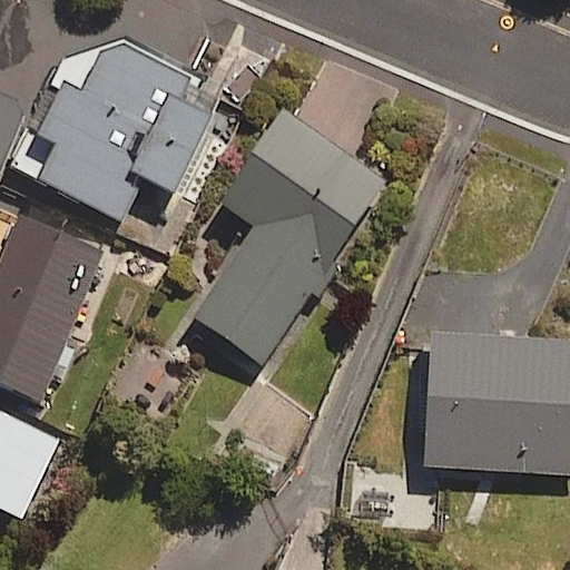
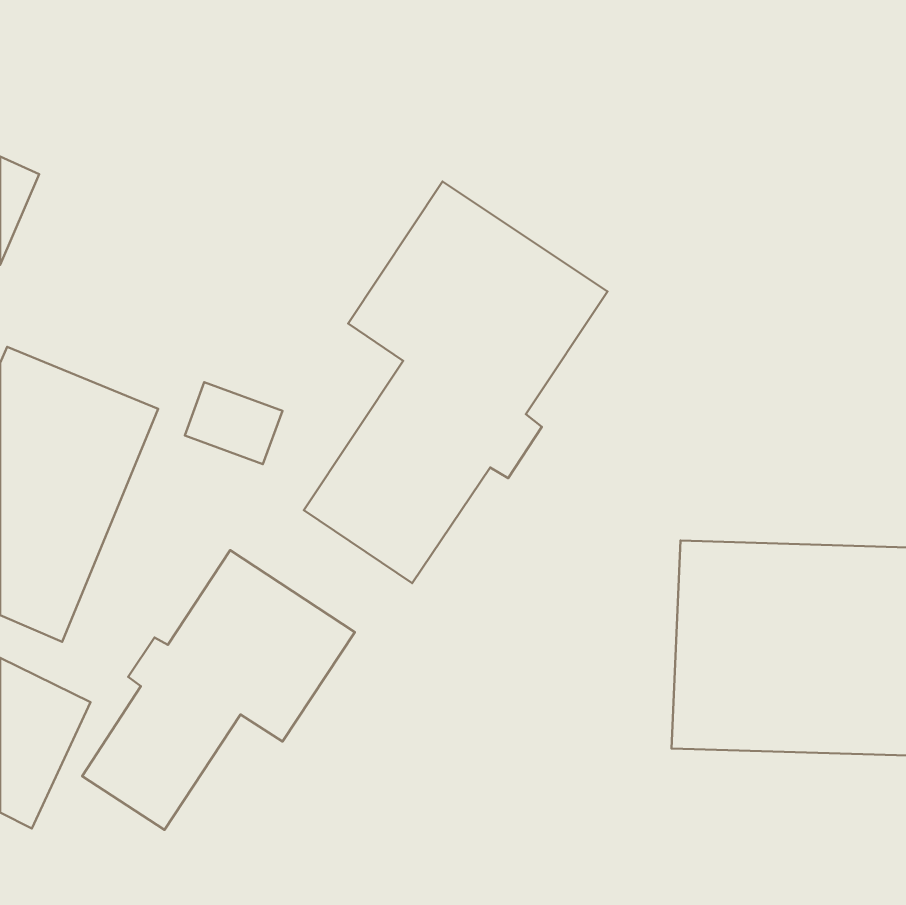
building: [19,38,209,219] -> none
building: none -> [82,550,355,830]

